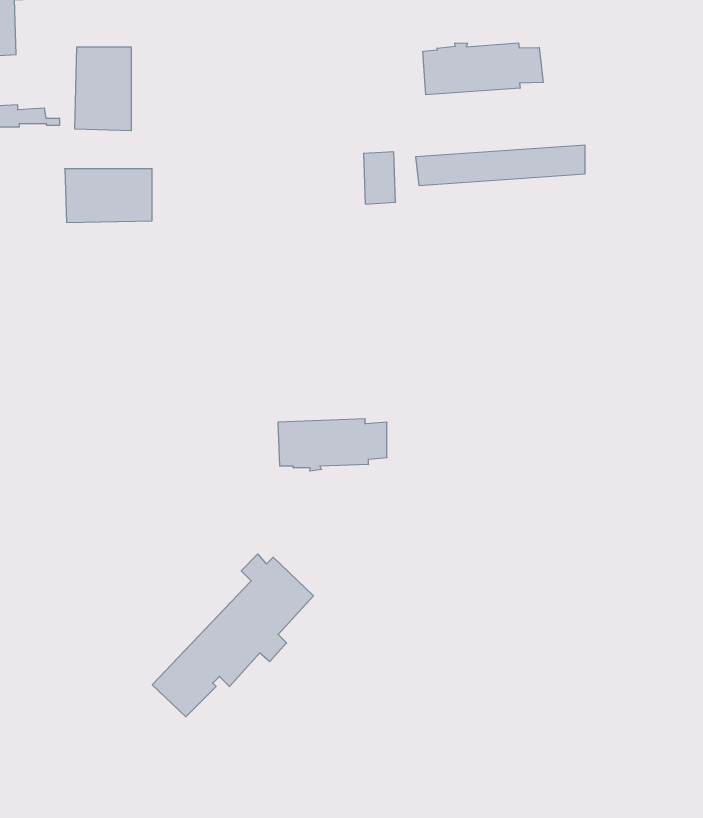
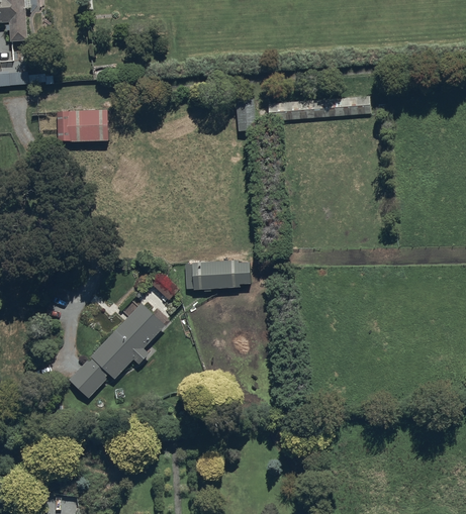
building: [423,43,543,95] -> none
building: [75,47,131,131] -> none
building: [152,554,313,717] -> [69,299,166,397]

